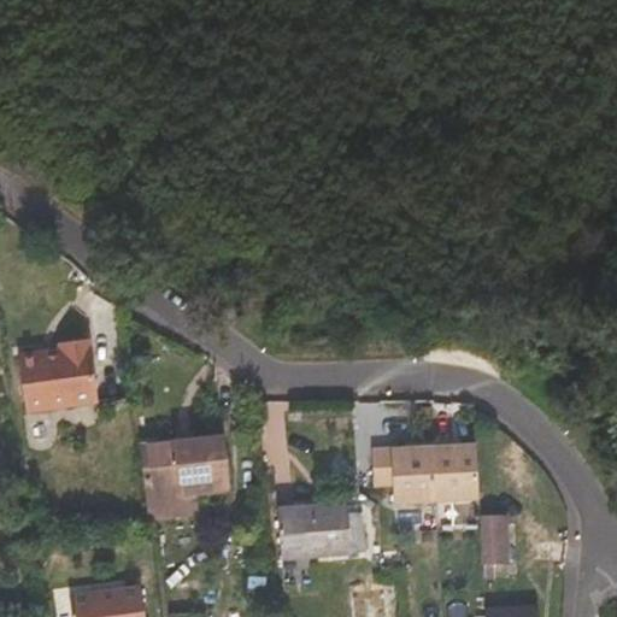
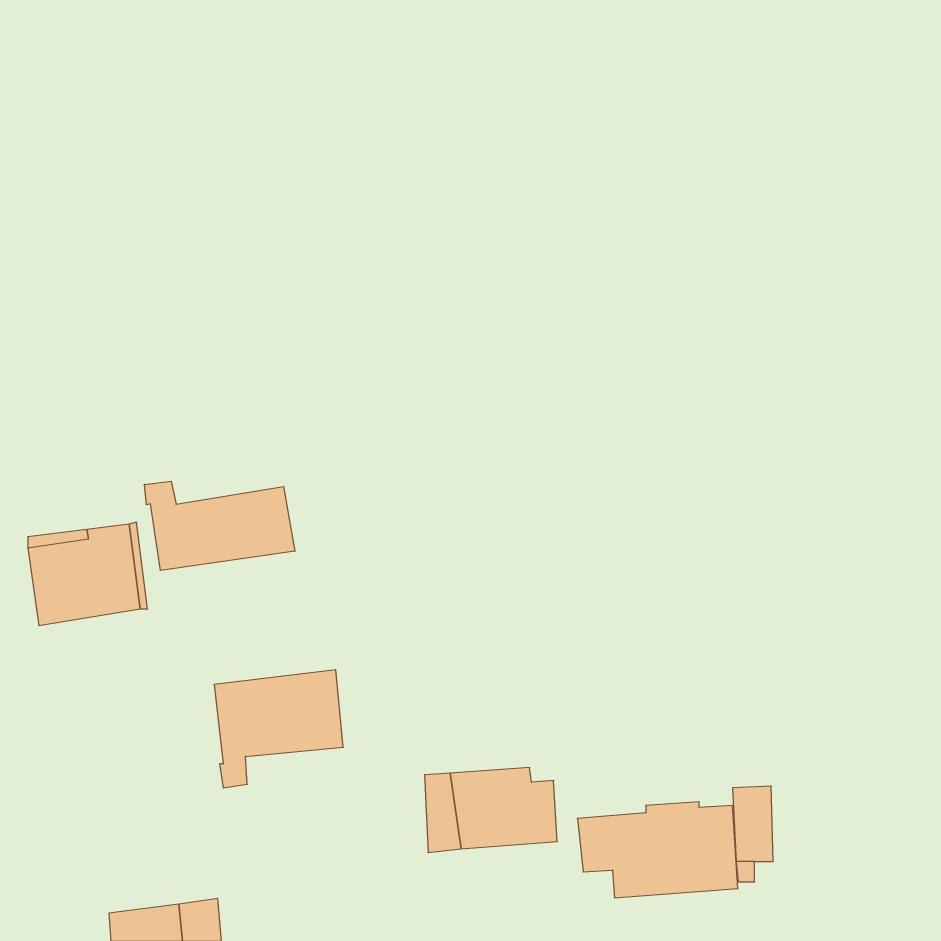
building: none -> [144,481,295,570]
building: [375,440,480,503] -> [577,802,738,898]

